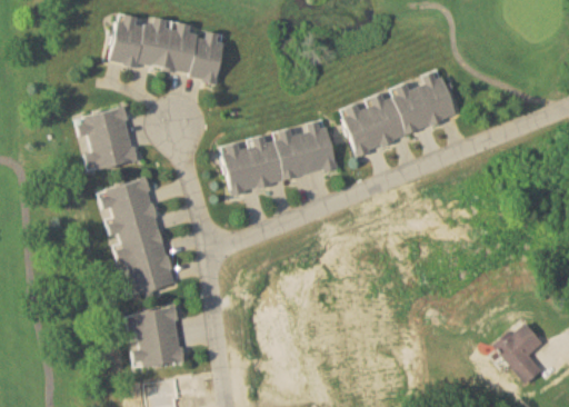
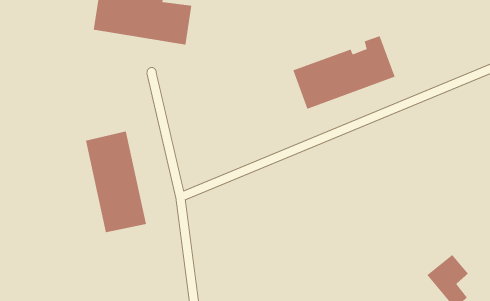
building: [76,107,137,171] -> none
building: [221,118,338,192] -> none
building: [127,307,184,369] -> none

